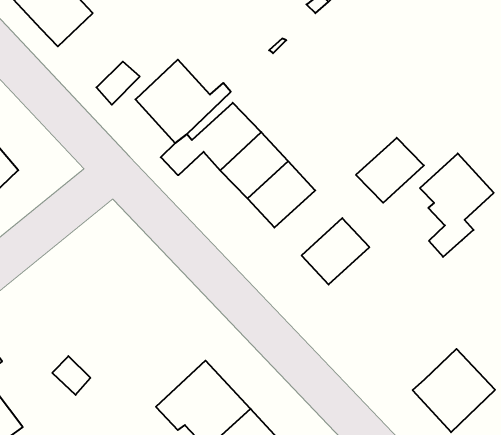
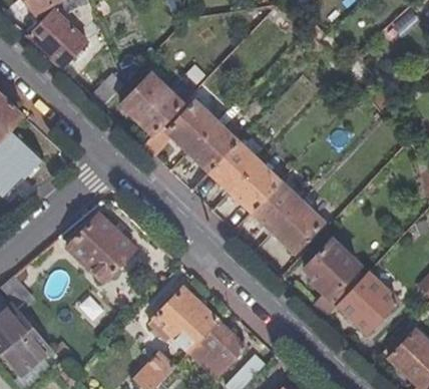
building: [356,138,424,203] -> [228,160,277,209]
building: [420,153,494,257] -> [303,239,357,315]
building: none -> [270,200,319,249]
building: none -> [67,215,133,282]

